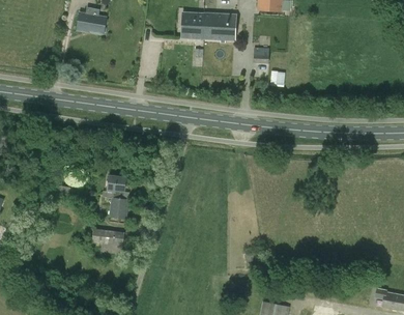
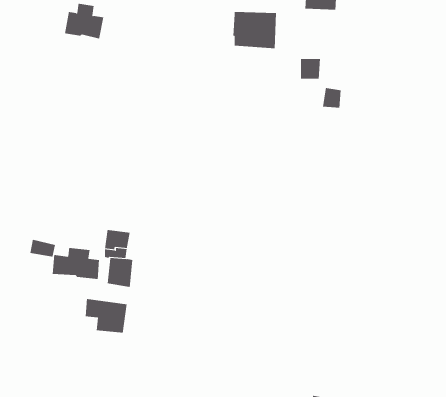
building: [181,12,204,38] -> none
building: none -> [52,247,100,280]

